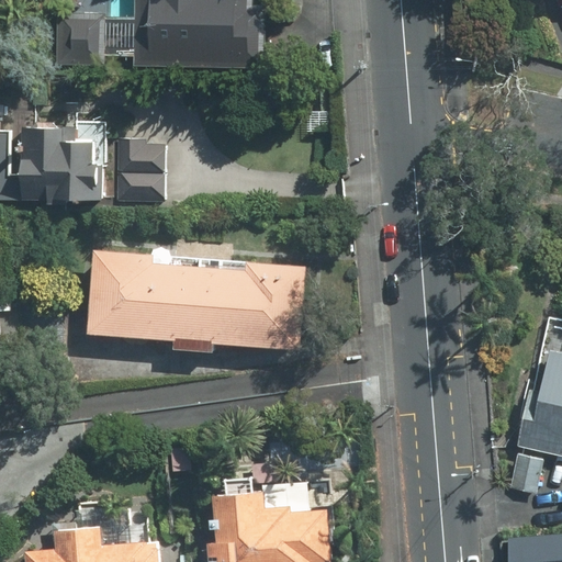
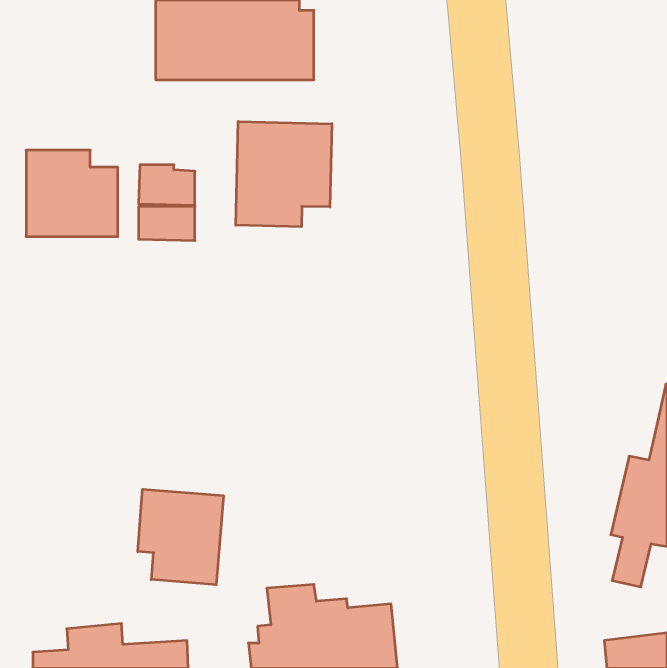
building: [53,15,104,69] -> none
building: none -> [236,121,332,227]
building: [86,250,306,349] -> none
building: none -> [138,489,223,585]

